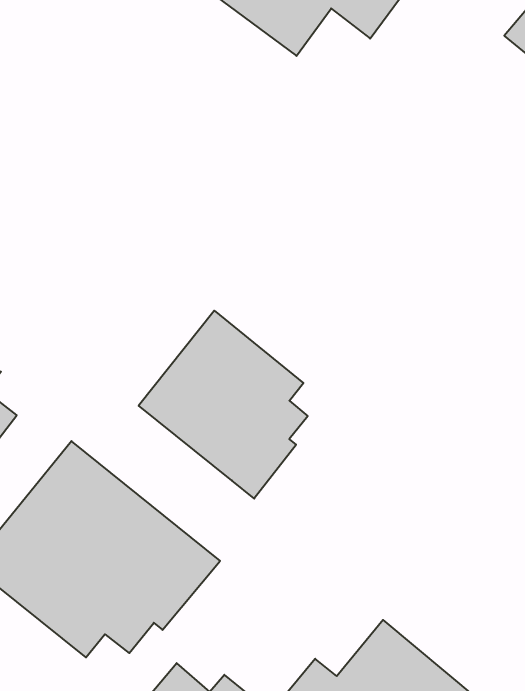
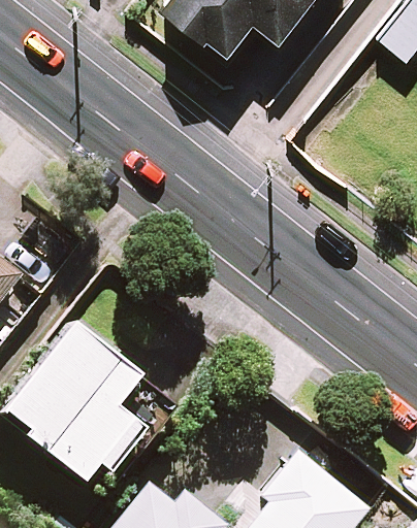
building: [139,311,308,499] -> none

